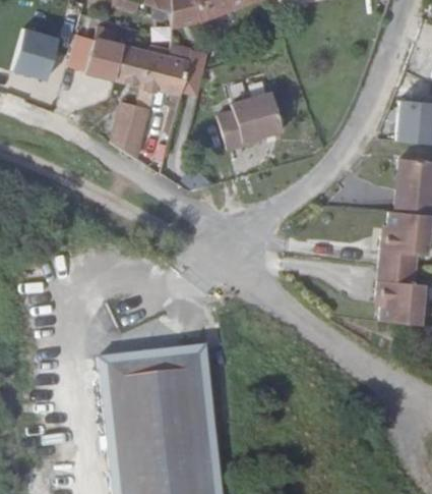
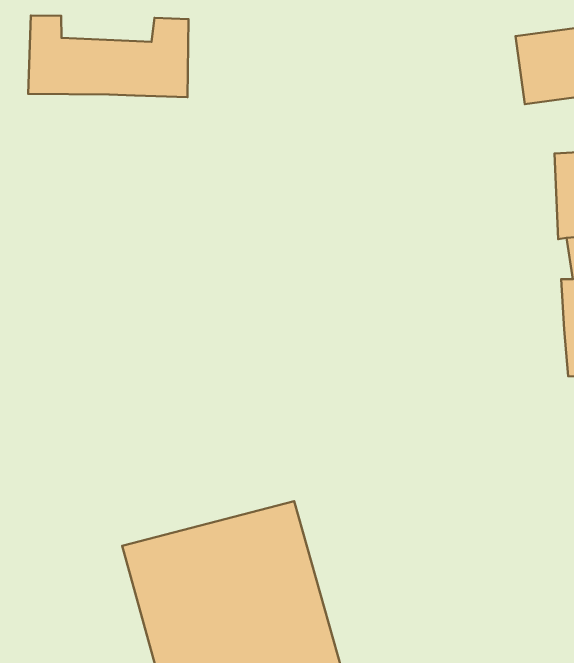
building: [115,83,150,162] -> none
building: [213,101,275,158] -> none

